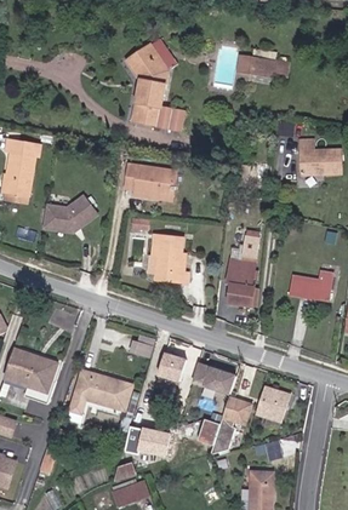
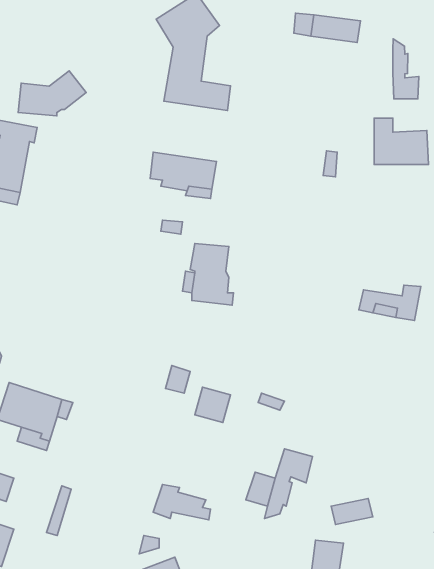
building: none -> [393,39,419,99]
building: [40,195,93,230] -> [18,71,86,116]
building: [229,233,259,303] -> none
building: [194,362,236,391] -> none
building: [70,365,135,408] -> none
building: [257,384,292,419] -> none

